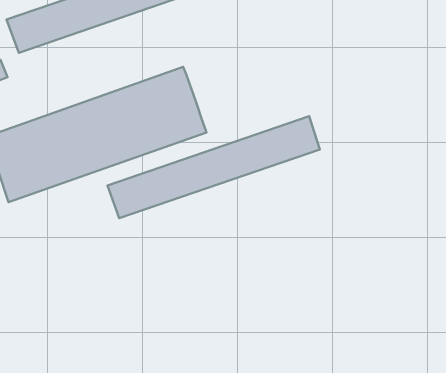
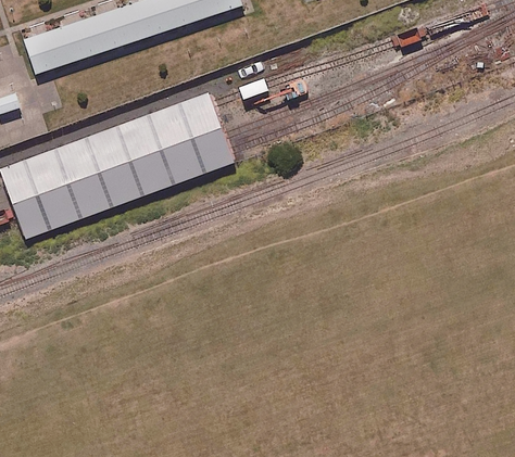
building: [107,116,320,218] -> none

